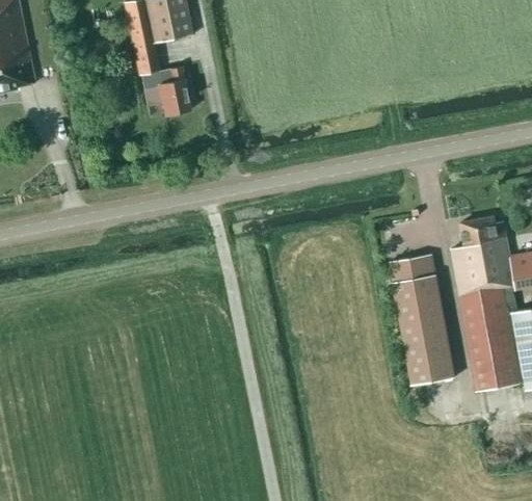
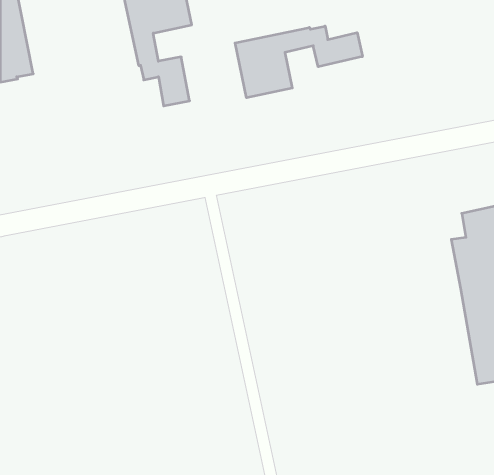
building: none -> [235,26,362,98]
building: [389,254,453,383] -> none

